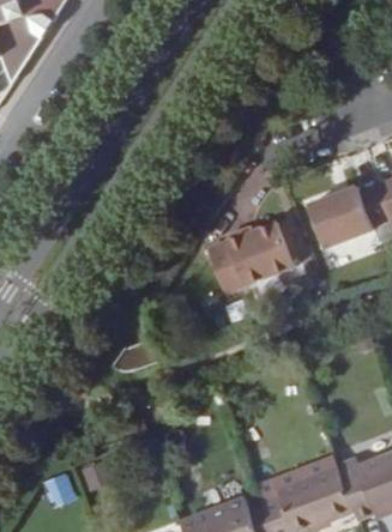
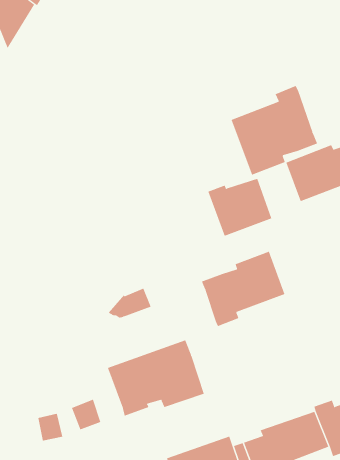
building: none -> [231,85,318,175]
building: none -> [201,251,285,327]
building: none -> [107,339,205,417]

